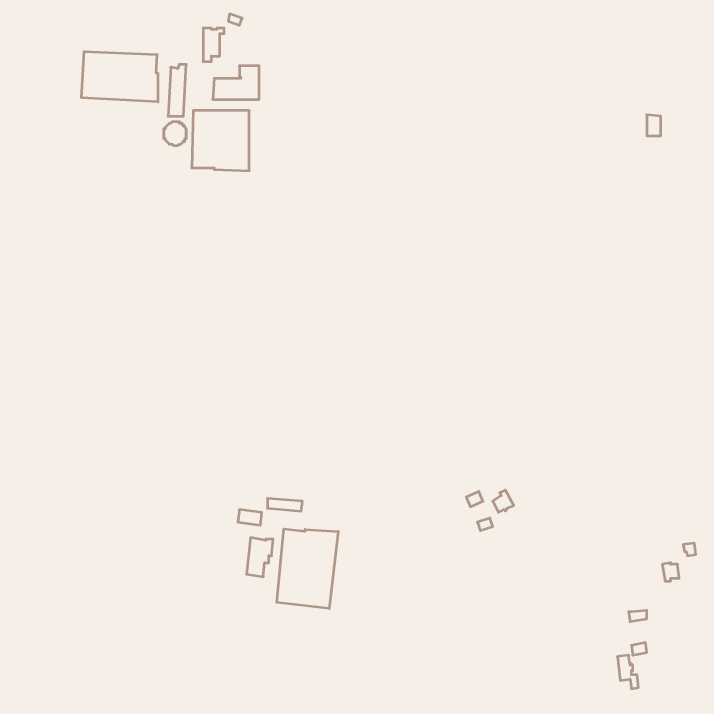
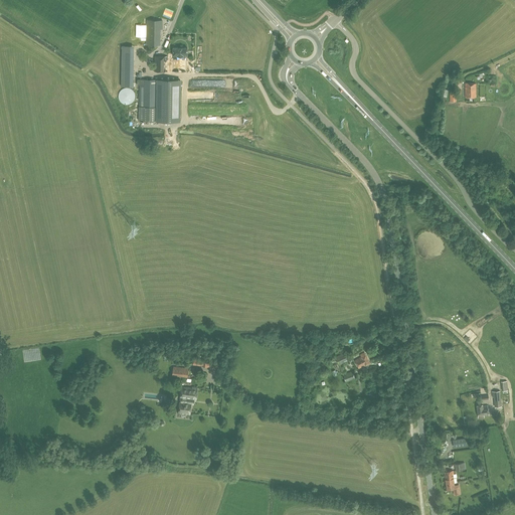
building: [82,52,158,102] -> none
building: [277,529,338,609] -> none

